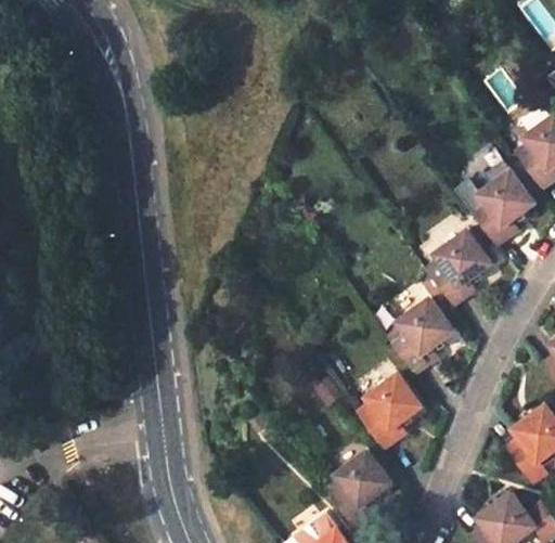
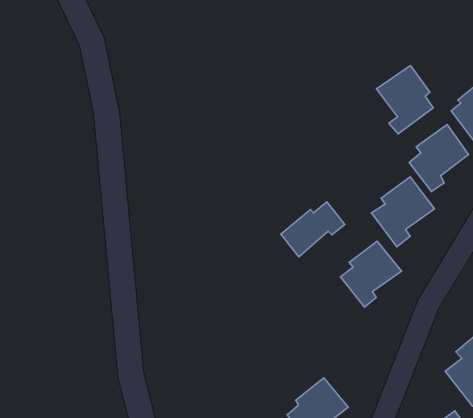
building: none -> [377,65,433,134]
building: none -> [281,202,345,257]
building: [358,374,424,449] -> none

